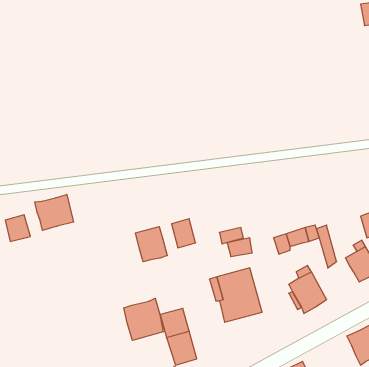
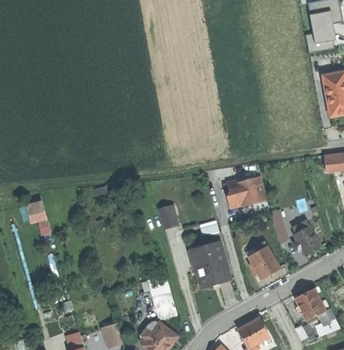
building: none -> [225,177,268,211]
building: [35,194,74,230] -> none
building: [135,227,167,262] -> none
building: [124,298,163,340] -> none

